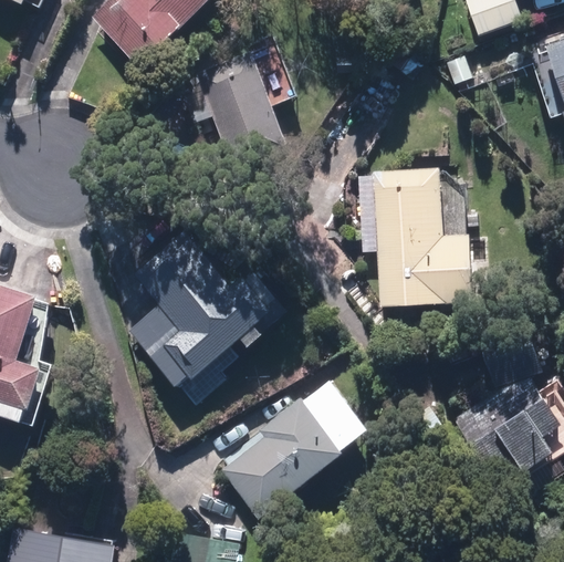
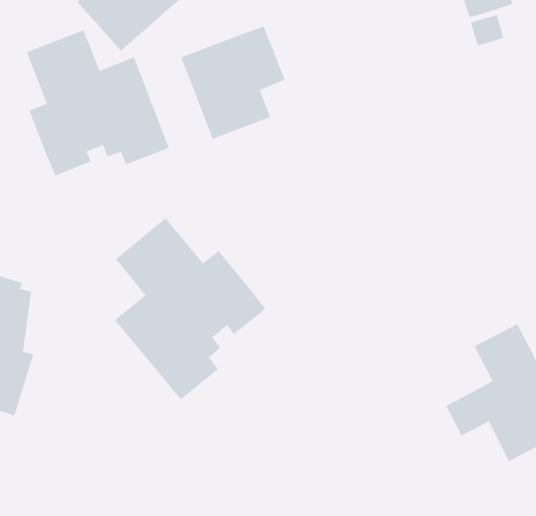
building: none -> [26,29,169,176]
building: [375,169,470,303] -> none
building: [221,378,367,519] -> none

